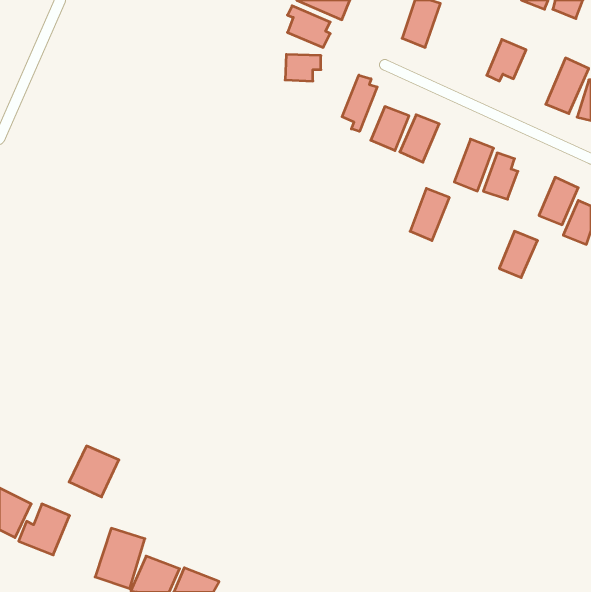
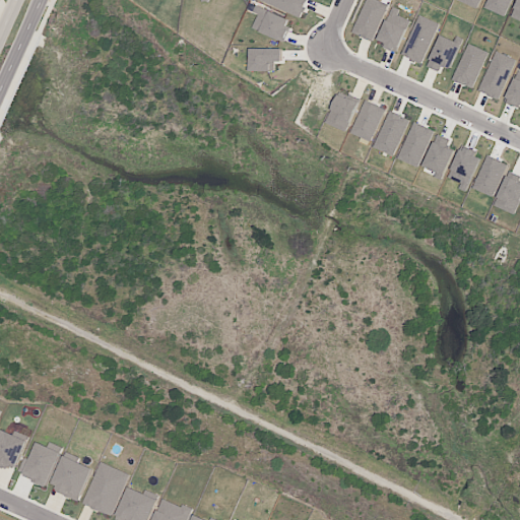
building: none -> [377,6,408,51]
building: none -> [401,15,439,64]
building: none -> [452,44,488,88]
building: [342,75,377,131] -> none
building: [410,188,449,241] -> [374,111,408,156]
building: [499,231,538,278] -> [448,147,481,188]
building: [69,446,119,497] -> [50,456,93,501]

